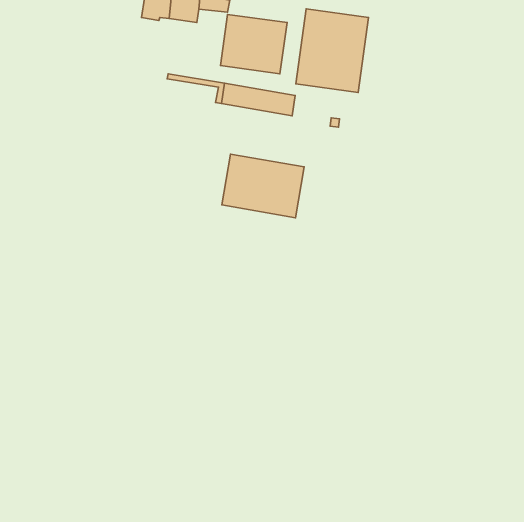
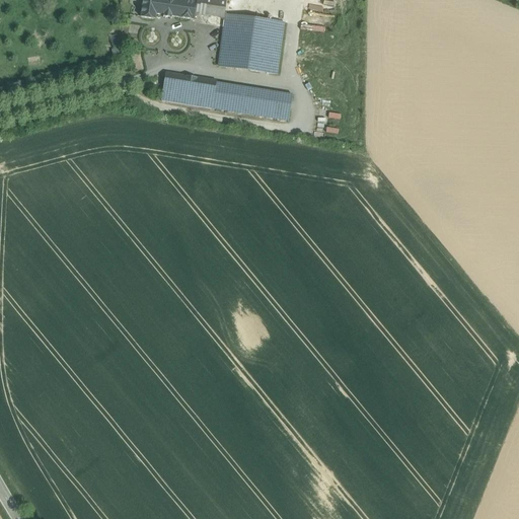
building: [296,9,368,92] -> none
building: none -> [162,78,216,101]
building: [222,154,304,218] -> none

